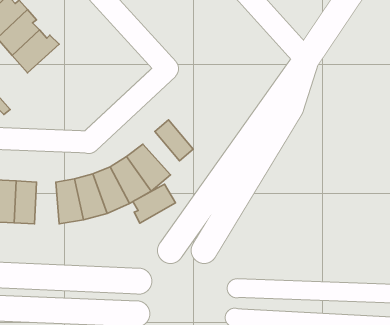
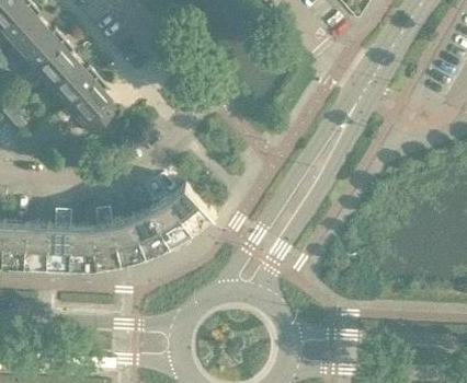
building: none -> [61,74,114,134]
building: [155,120,193,161] -> none
building: none -> [69,222,95,267]
building: [133,184,176,223] -> none

